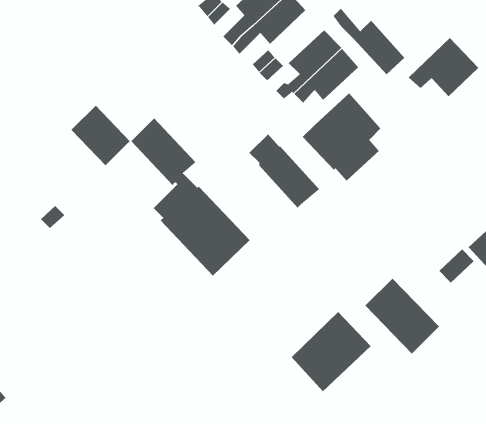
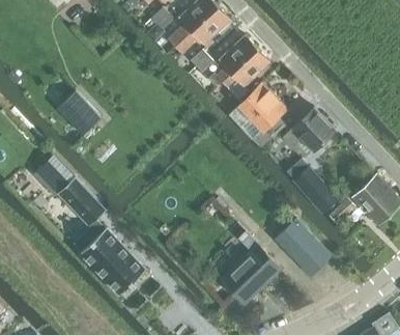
building: [333,8,405,75] -> none
building: [408,37,479,97] -> [283,108,336,152]
building: [131,117,250,276] -> [57,176,146,295]
building: [249,133,320,209] -> [286,158,339,214]

